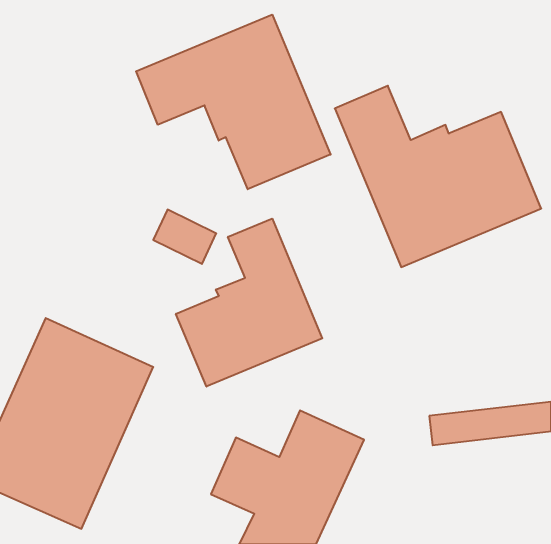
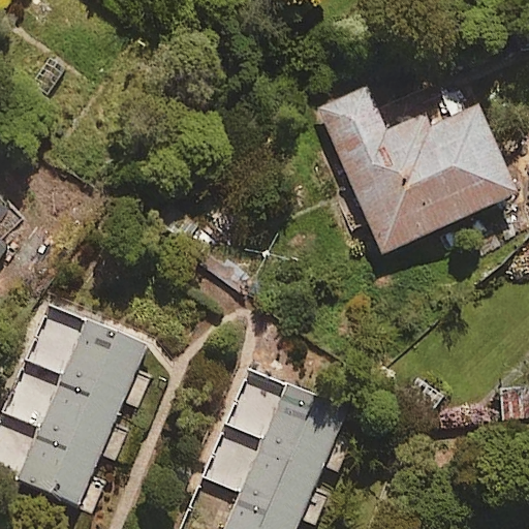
building: [136,15,331,189] -> none
building: [176,219,322,387] -> none

